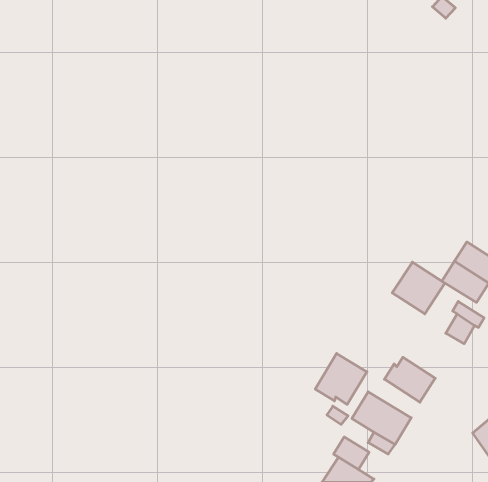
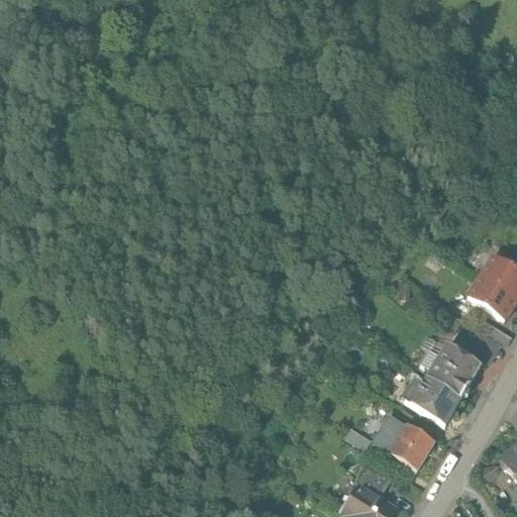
building: [392,262,445,314] -> [426,343,482,398]
building: [315,353,367,404] -> none

